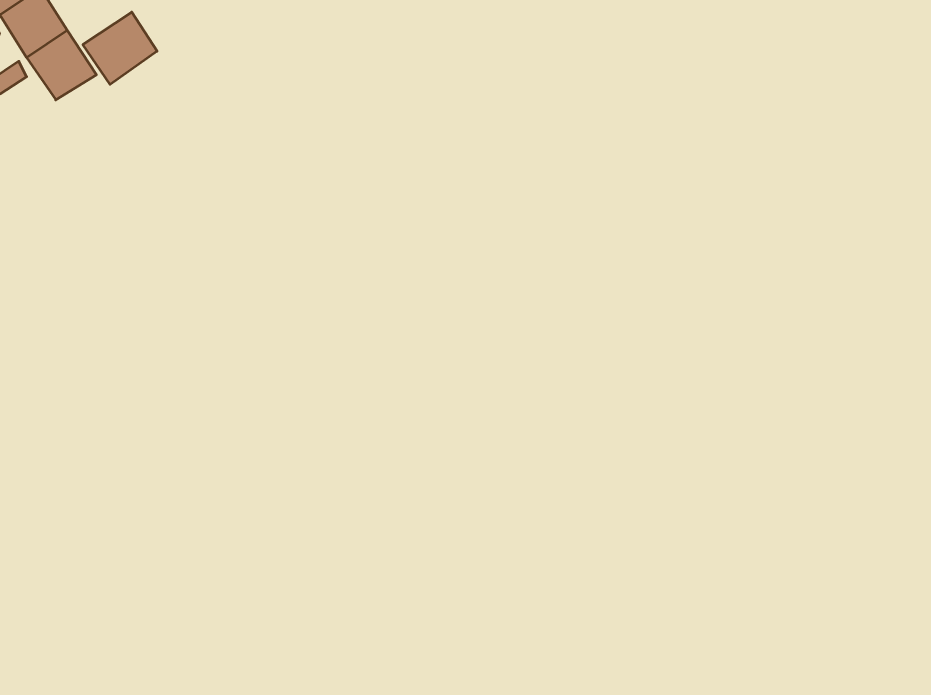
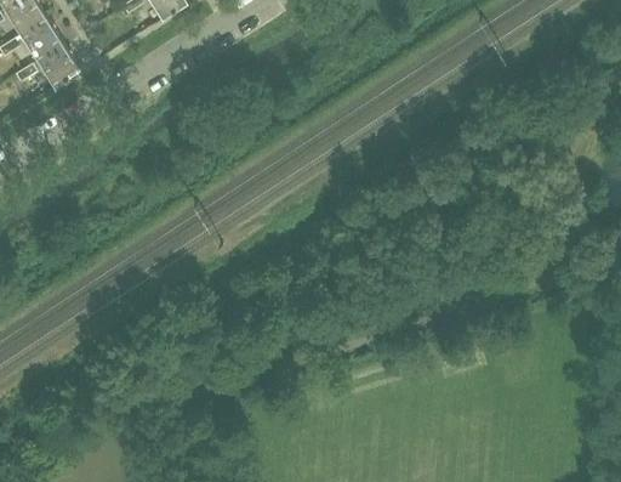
building: [83,12,157,84] -> none

